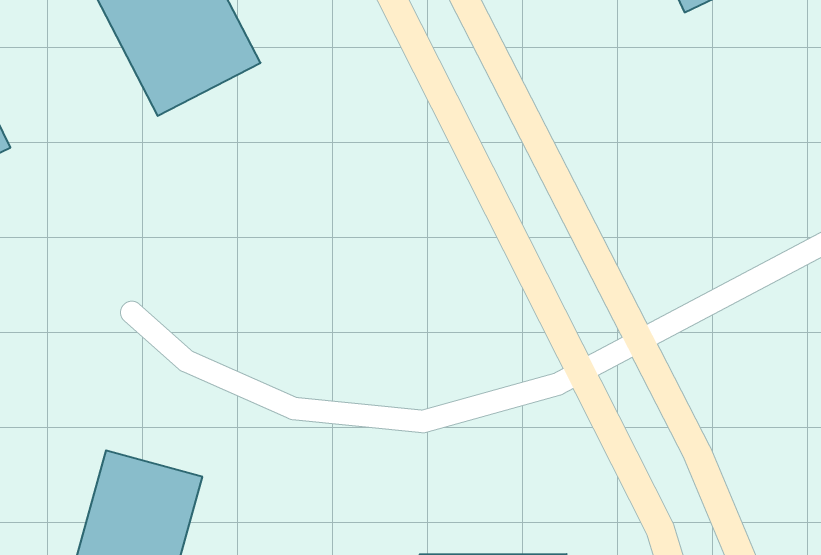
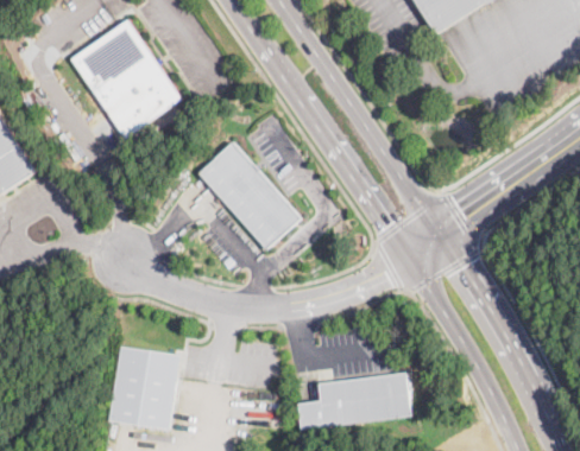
building: none -> [197,141,298,248]

